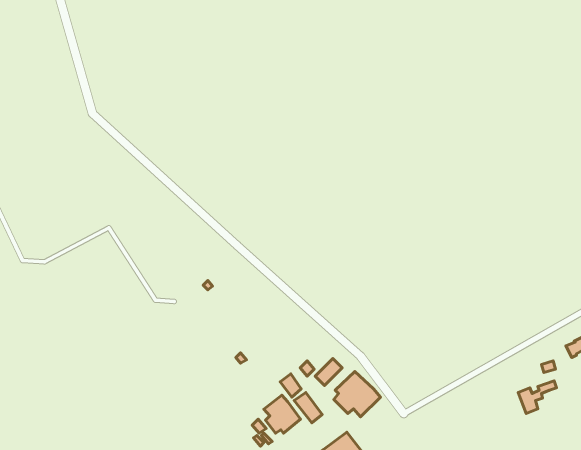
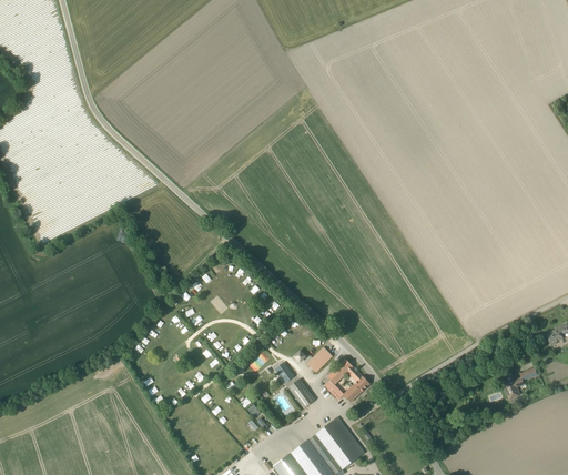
building: [264,395,301,433] -> none

